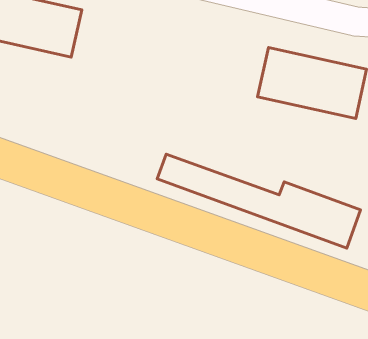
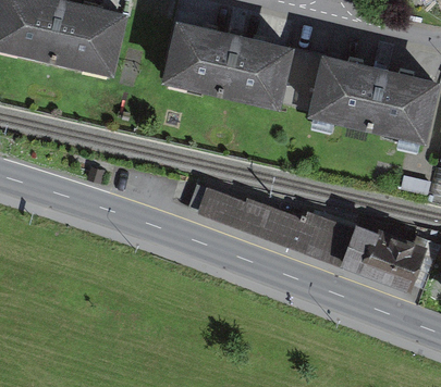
building: none -> [166,30,284,107]

